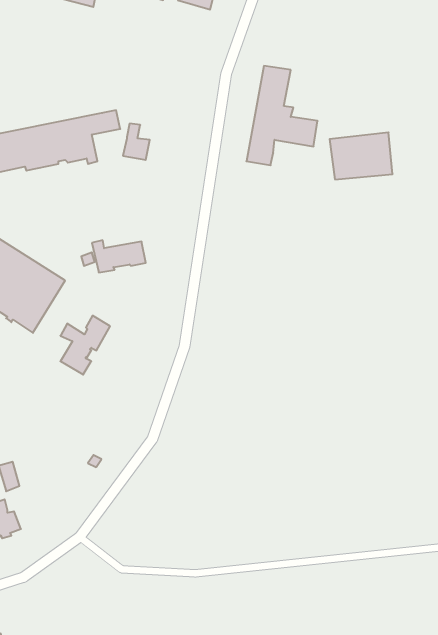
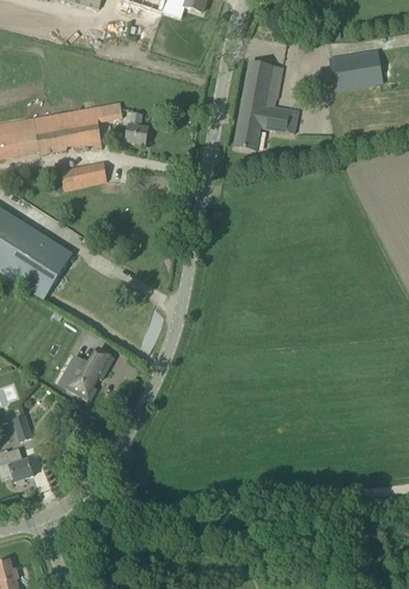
building: [330,132,393,179] -> [330,51,386,93]
building: [92,240,146,272] -> [59,160,106,189]
building: [60,316,110,375] -> [69,347,114,400]

